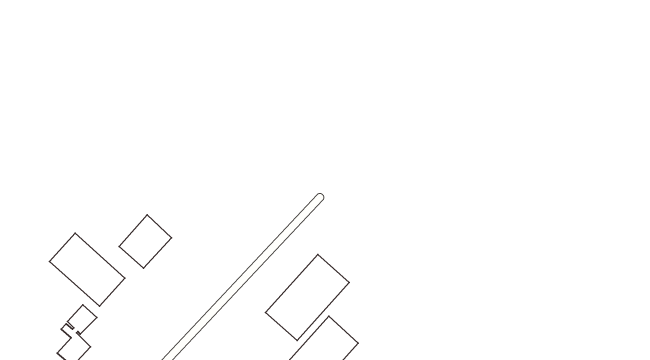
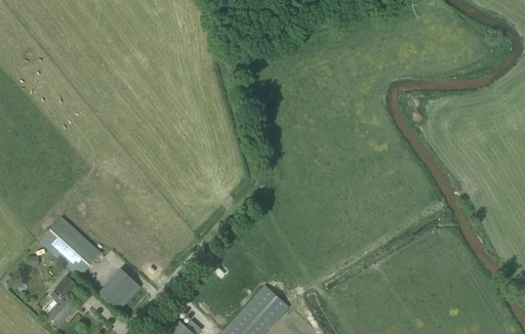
building: [119,215,172,268] -> [98,267,140,310]
building: [266,254,349,341] -> none

